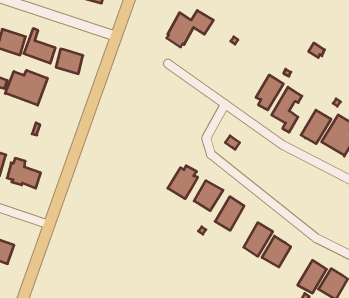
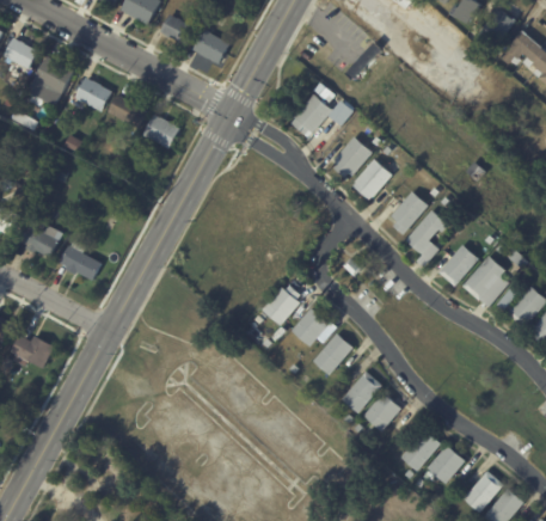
building: none -> [331,136,370,177]
building: none -> [350,159,389,201]
building: [5,70,47,105] -> none

